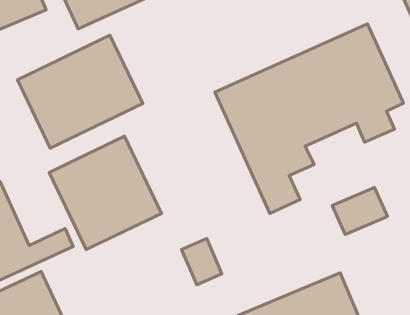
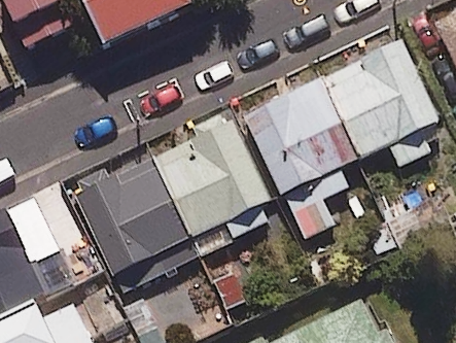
building: [17,35,143,148] -> none
building: none -> [152,119,271,237]

